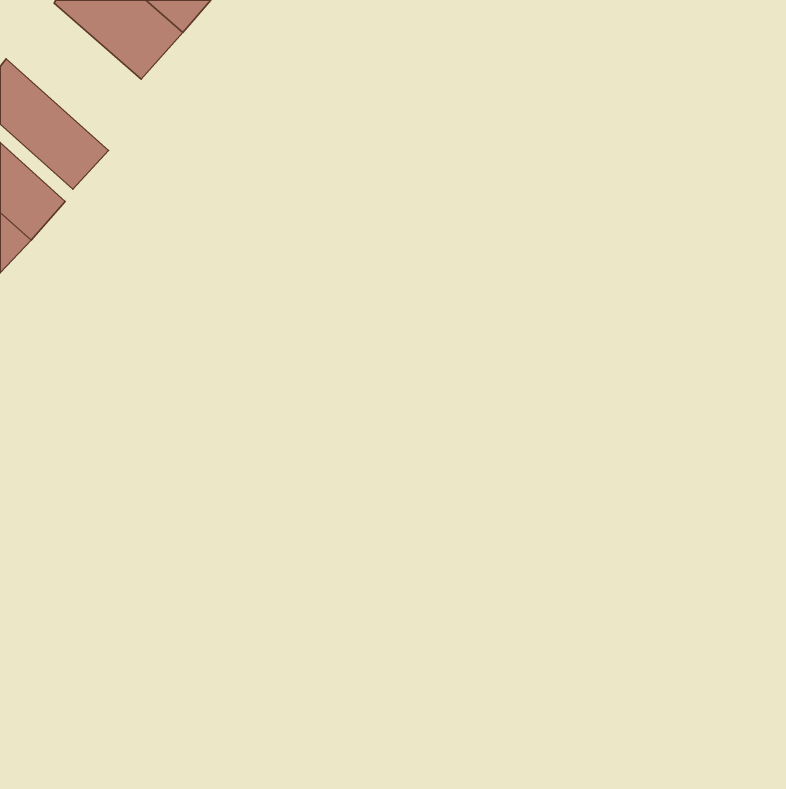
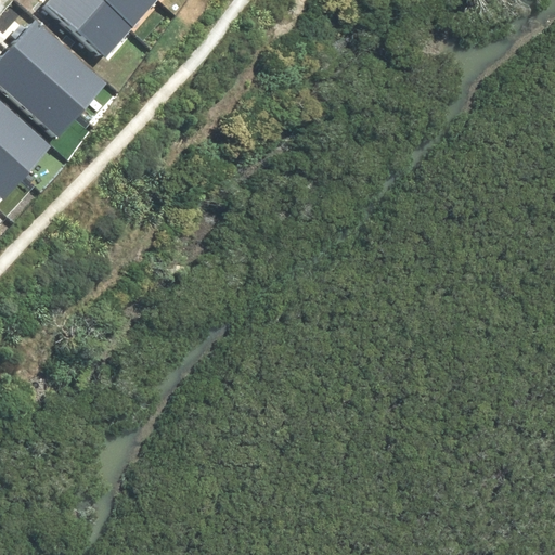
building: none -> [9,17,104,107]

